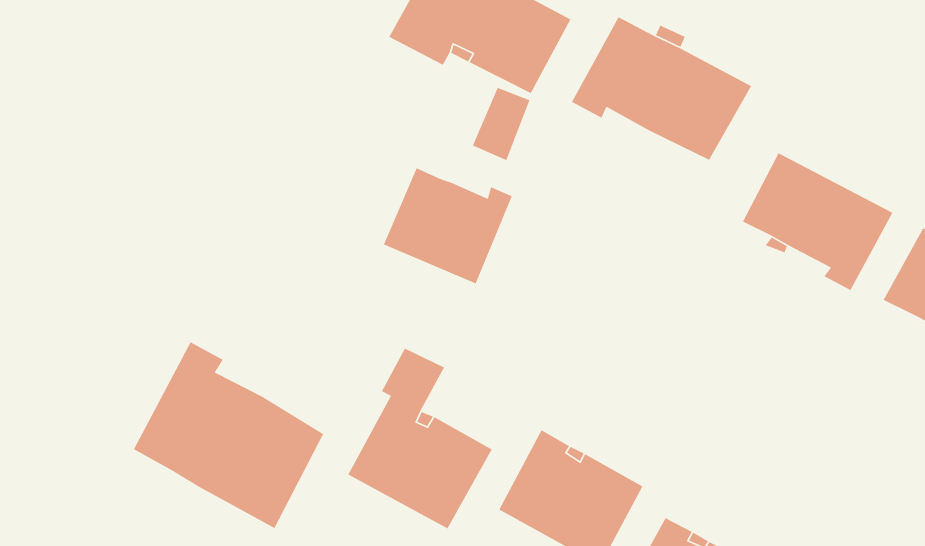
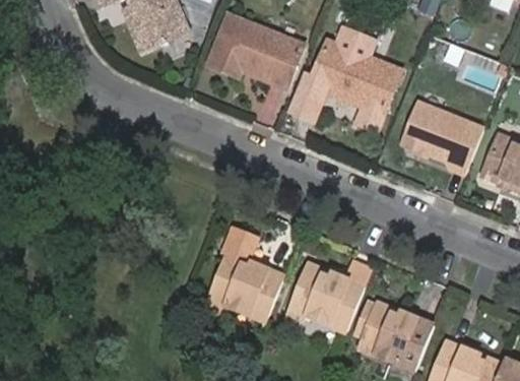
building: [383,167,513,285] -> none
building: [133,341,324,529] -> none

